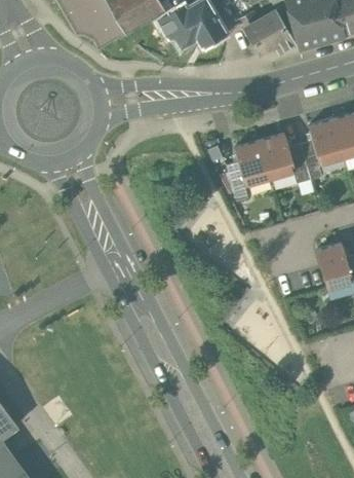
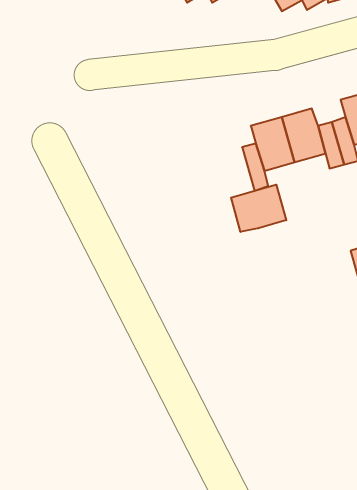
building: none -> [231,185,286,232]

